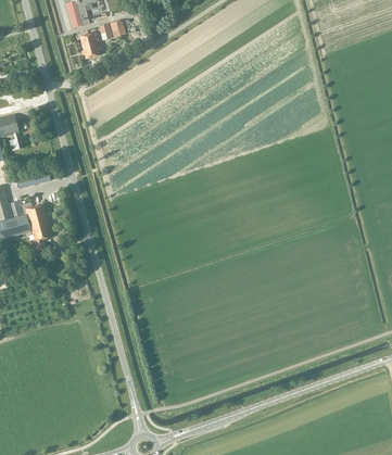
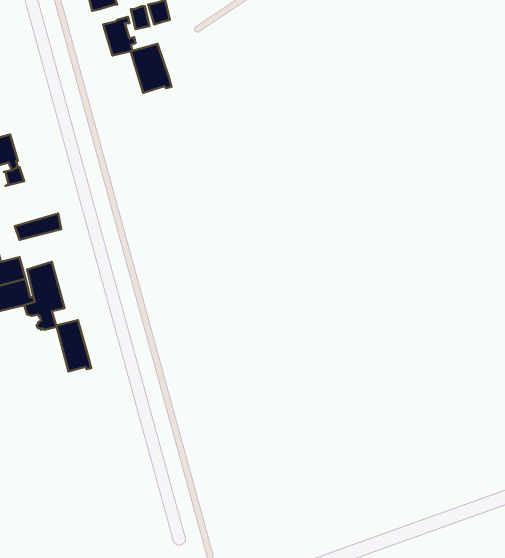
building: none -> [131,44,171,93]
building: none -> [56,320,91,372]

